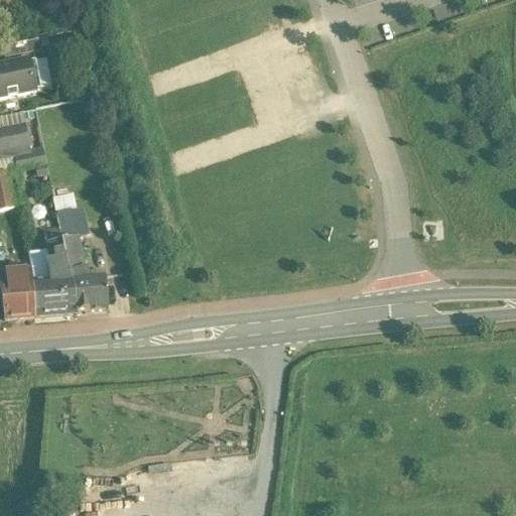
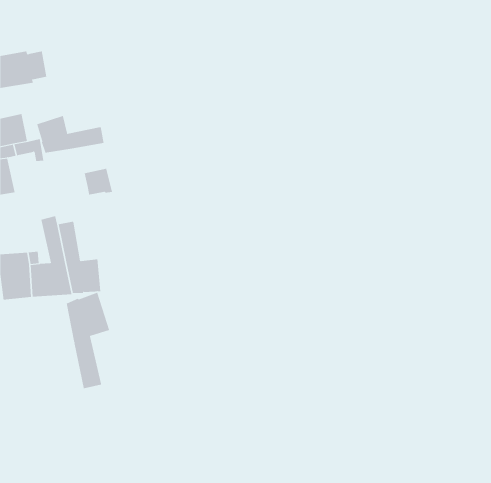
building: none -> [36,115,104,154]
building: [55,207,86,235] -> [84,168,113,195]
building: none -> [66,292,110,389]

